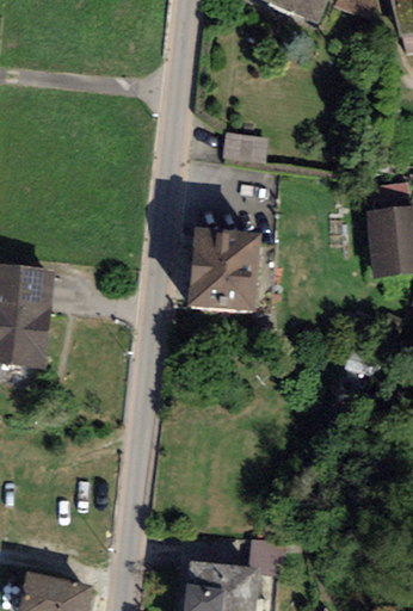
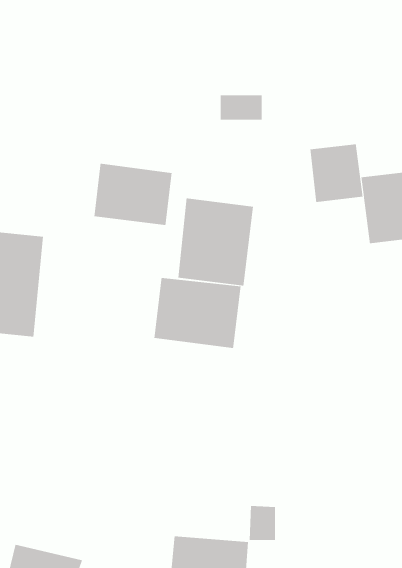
building: none -> [310,143,363,203]
building: none -> [94,163,172,226]
building: none -> [154,277,241,349]

